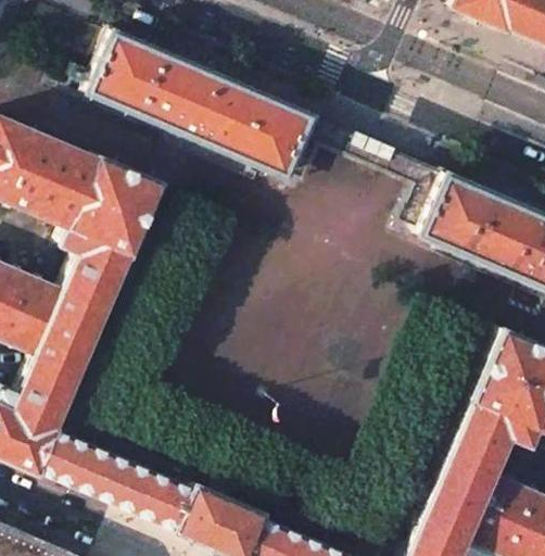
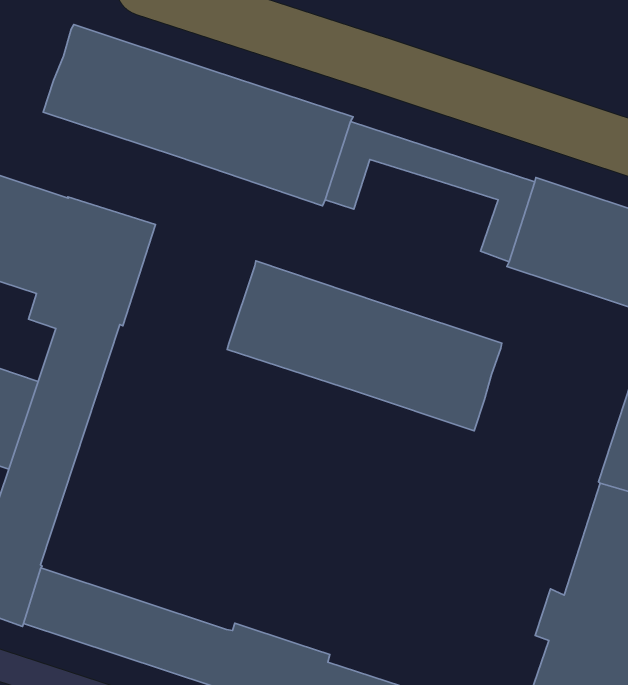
building: none -> [227,261,502,431]

